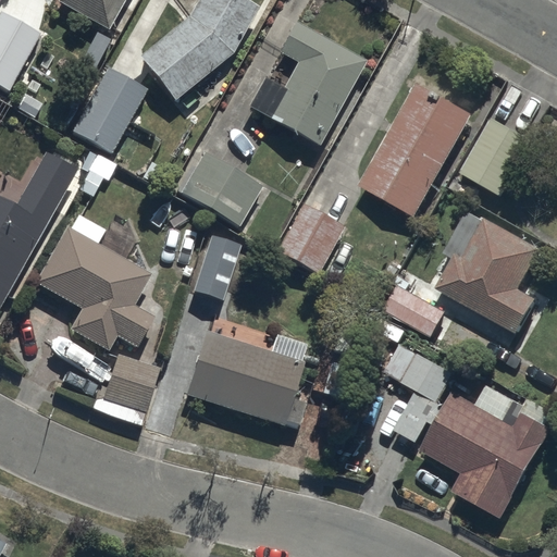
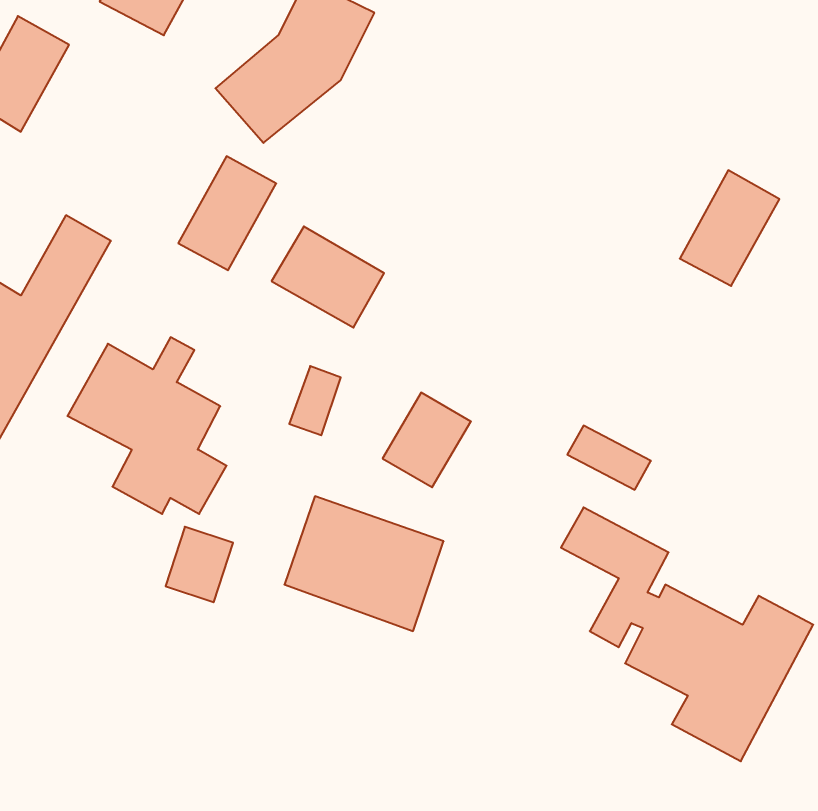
building: [247,22,364,147] -> none
building: [79,69,146,146] -> [178,156,276,270]
building: [361,89,466,216] -> none
building: [278,205,338,269] -> [383,393,471,487]
building: [441,212,537,331] -> none

